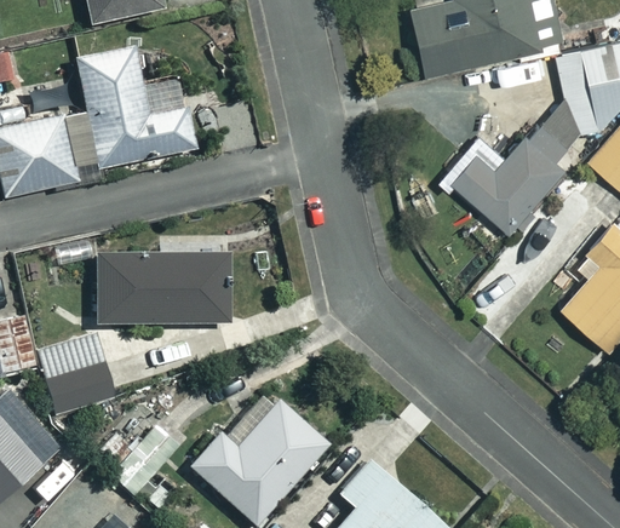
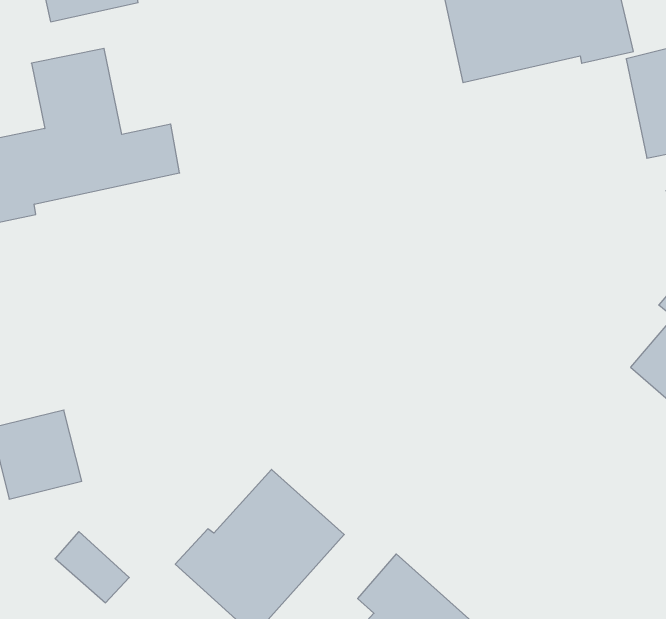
building: [447,121,585,237] -> none
building: [94,253,226,323] -> none

